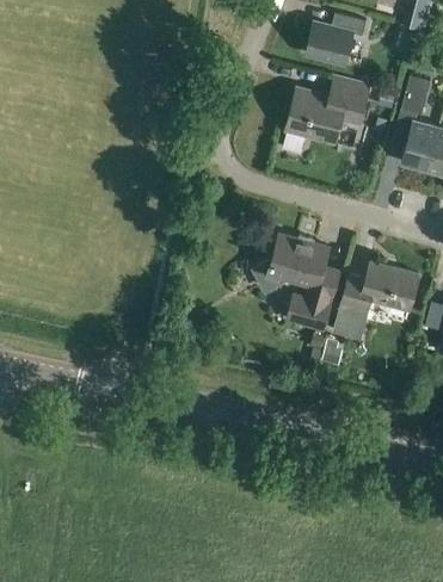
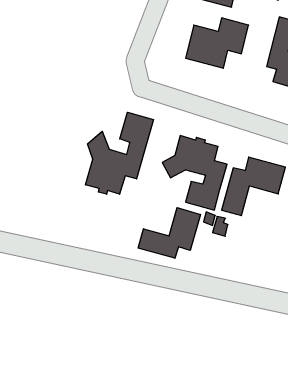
building: none -> [85,112,154,194]
building: none -> [138,208,200,258]

